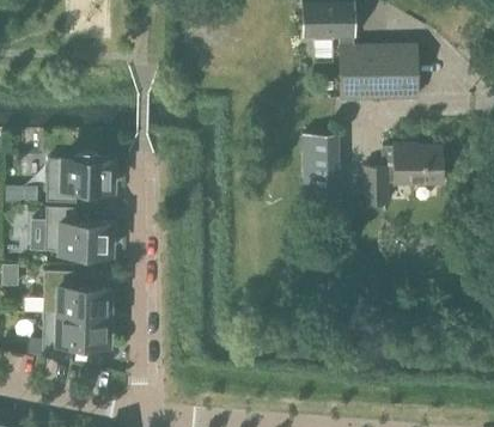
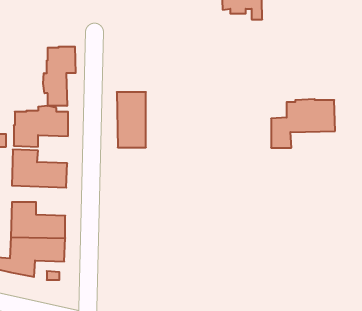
building: [339,45,416,99] -> none
building: none -> [43,47,76,106]
building: [301,136,337,205] -> [117,92,146,147]

